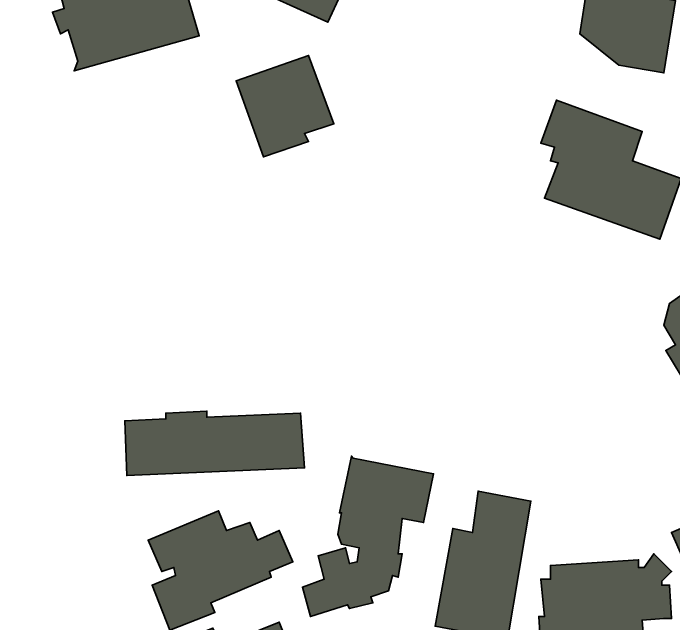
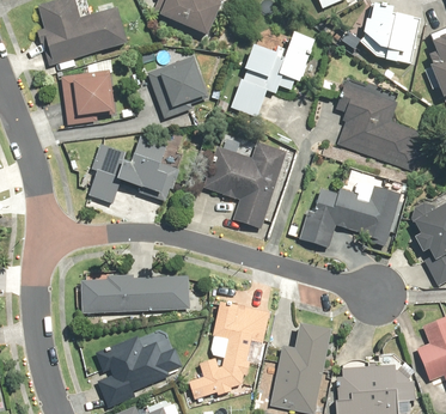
building: none -> [231,32,313,116]
building: none -> [61,69,116,124]
building: none -> [88,135,181,202]
building: none -> [203,141,288,229]
building: none -> [300,184,402,248]

